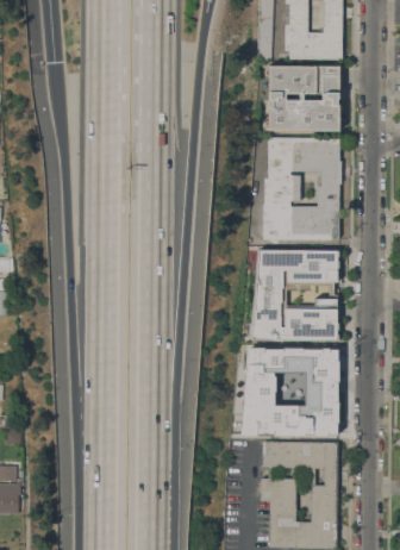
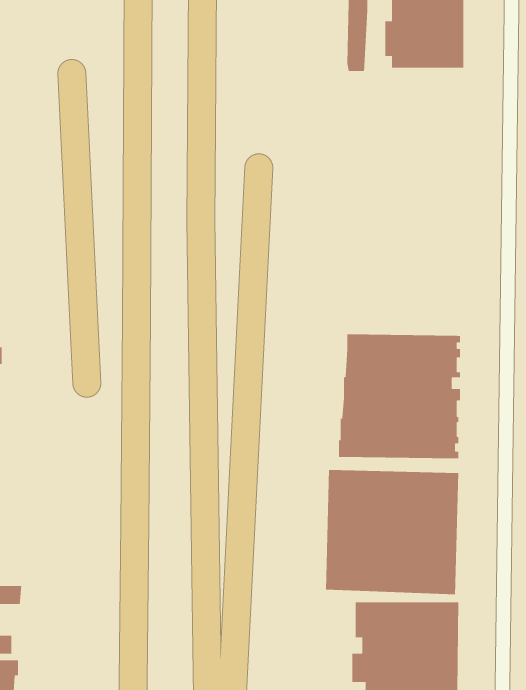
building: [265,67,339,132] -> none
building: [263,138,342,240] -> none

